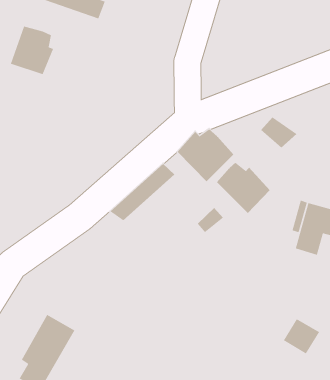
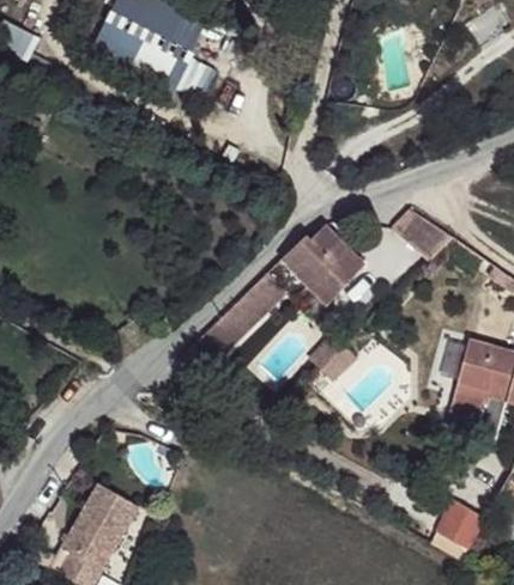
building: [10,25,54,75] -> none
building: [216,162,271,214] -> none

